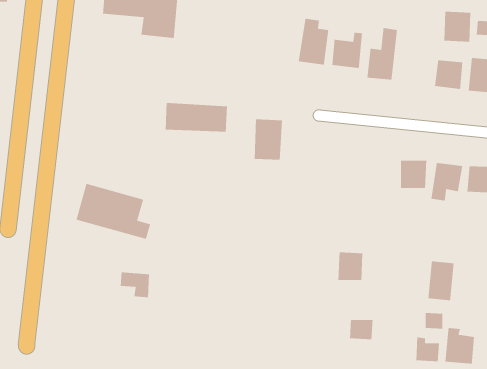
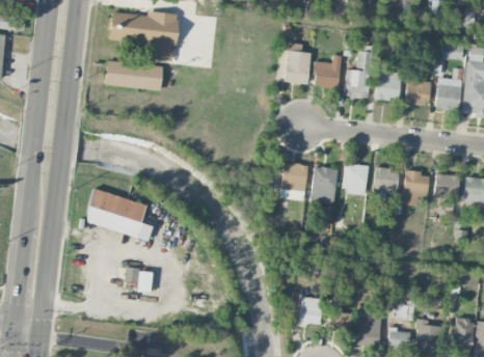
building: [443,11,471,42] -> [376,71,401,99]
building: [165,102,228,133] -> [106,61,162,88]
building: [254,119,283,161] -> [281,162,307,199]
building: none -> [343,163,368,192]
building: none -> [311,166,338,203]
building: [338,252,363,281] -> [299,297,322,323]
building: [428,260,454,301] -> [358,309,382,346]

